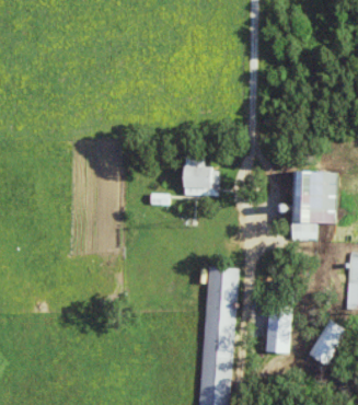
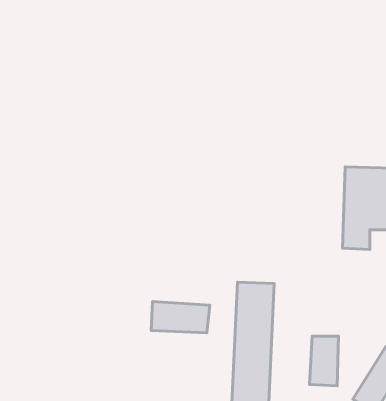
building: [183,157,218,197] -> none
building: none -> [151,302,210,333]

